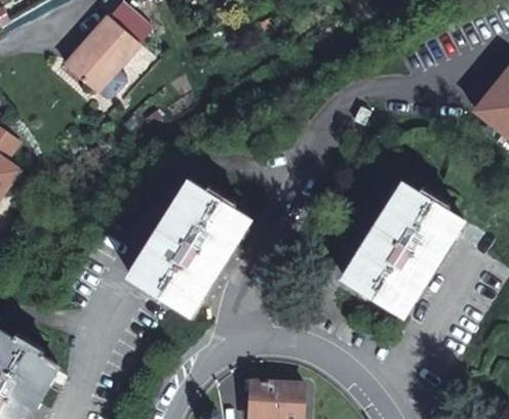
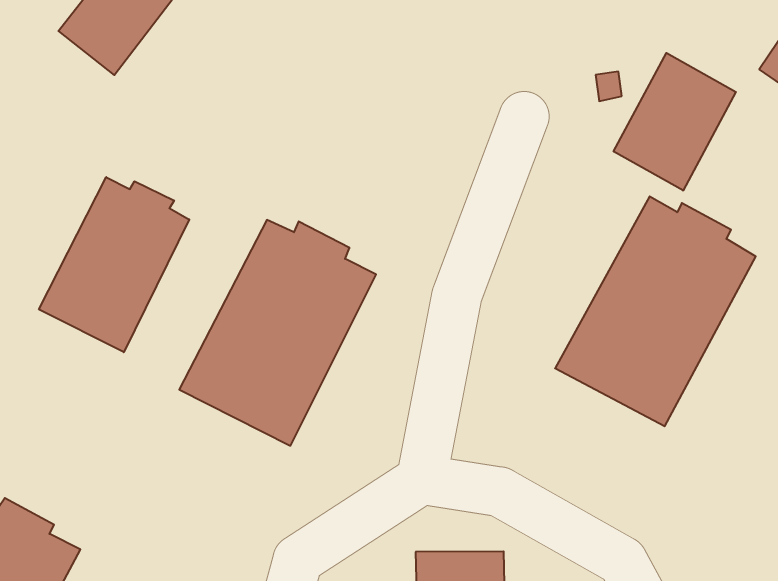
building: none -> [614,53,736,191]
building: none -> [39,177,189,352]

